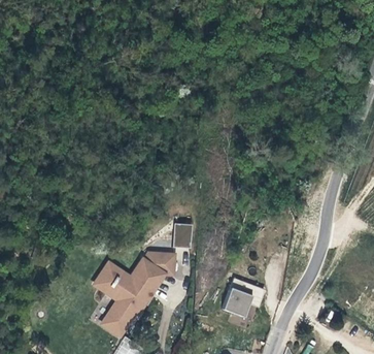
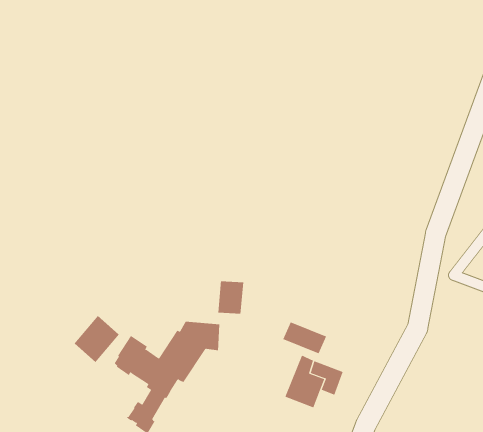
building: none -> [74,315,120,363]
building: none -> [282,322,327,354]

